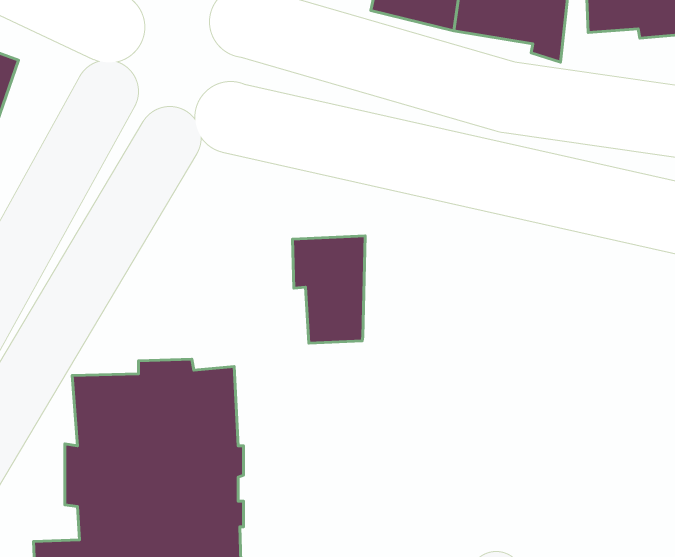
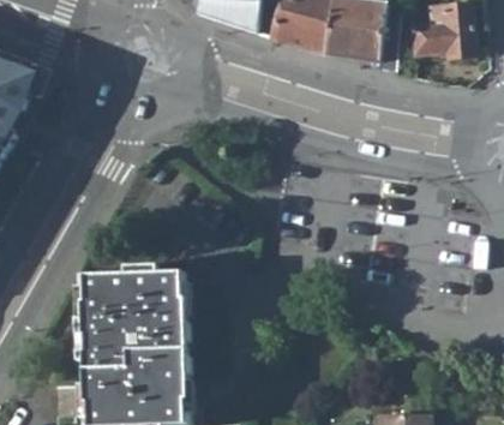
building: [293,236,365,343] -> none

